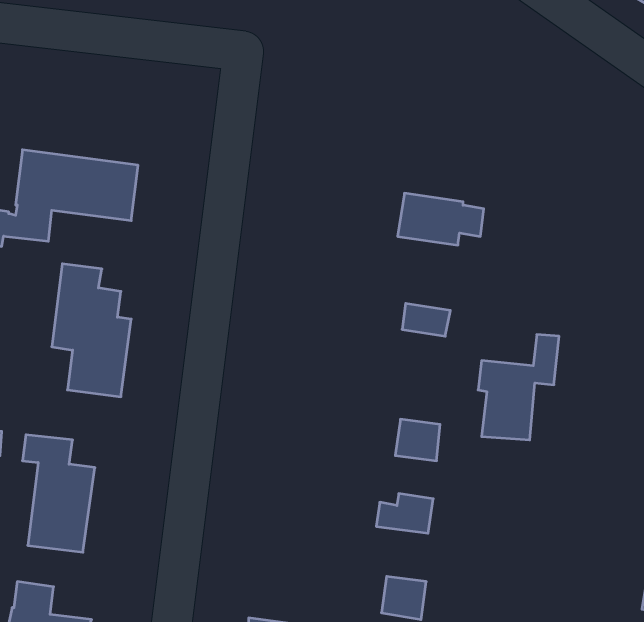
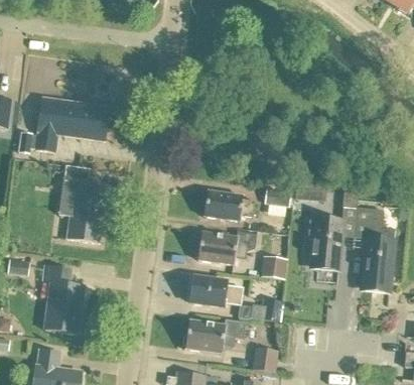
building: [398,193,484,245] -> [203,191,254,222]
building: none -> [353,207,395,288]
building: none -> [197,230,256,264]
building: none -> [189,275,242,306]
building: none -> [185,318,245,353]

